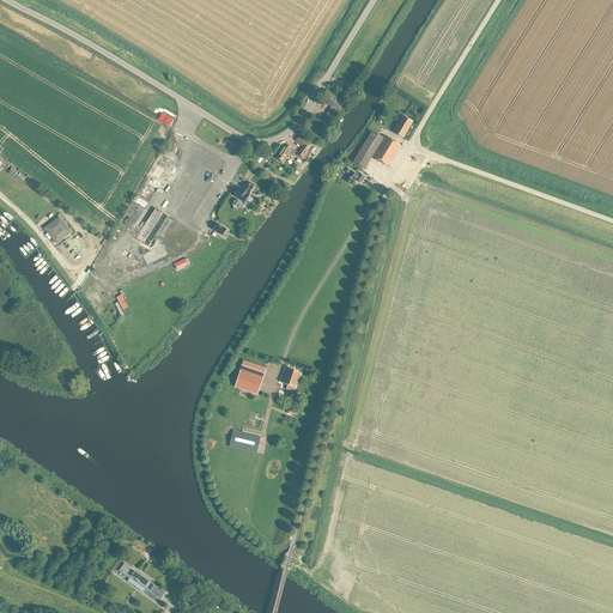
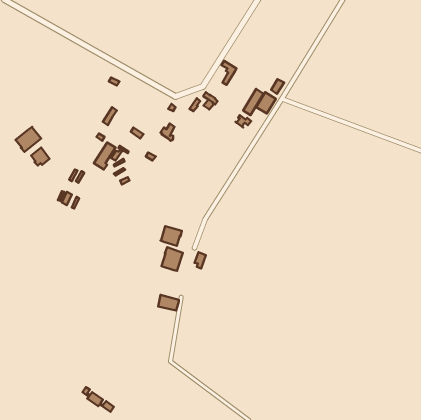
building: none -> [16,127,41,152]
building: none -> [161,226,182,246]

